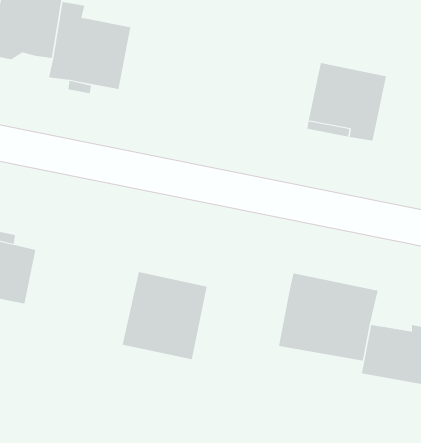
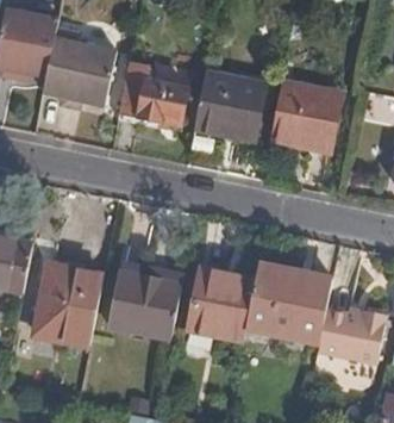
building: none -> [119,62,188,123]
building: none -> [195,66,264,136]
building: none -> [33,251,104,344]
building: none -> [182,274,254,354]

